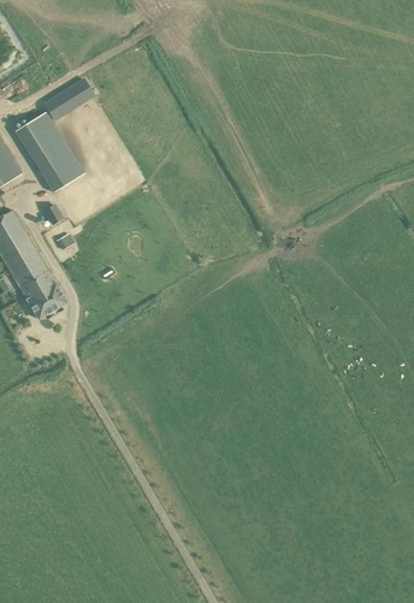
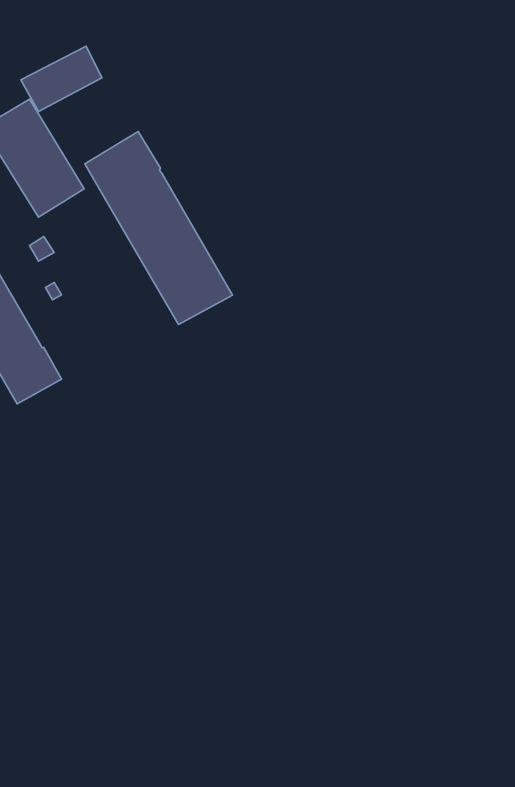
building: none -> [85,132,232,324]

